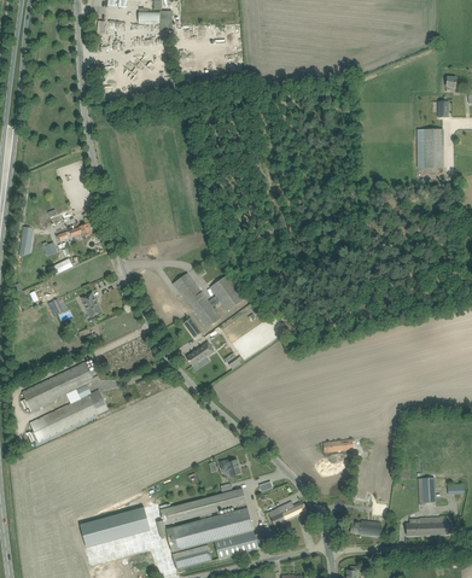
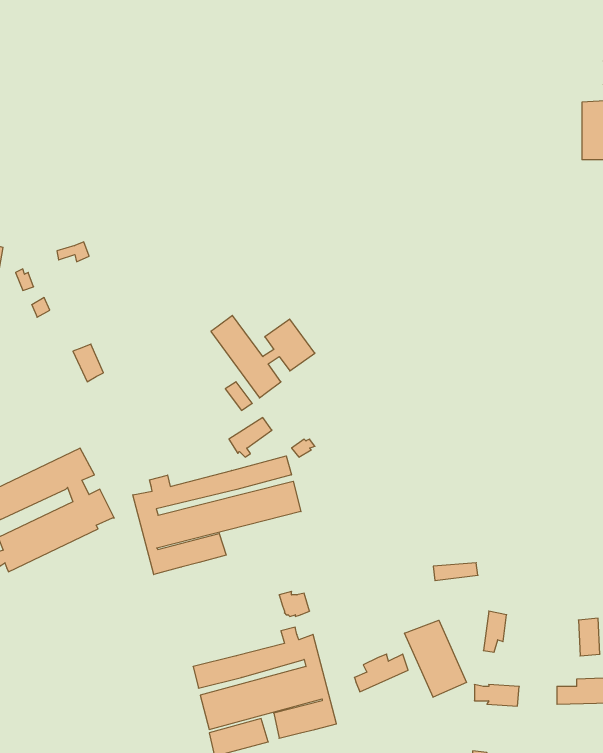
building: none -> [133,456,301,575]
building: none -> [405,620,467,697]
building: [81,513,151,553] -> none

